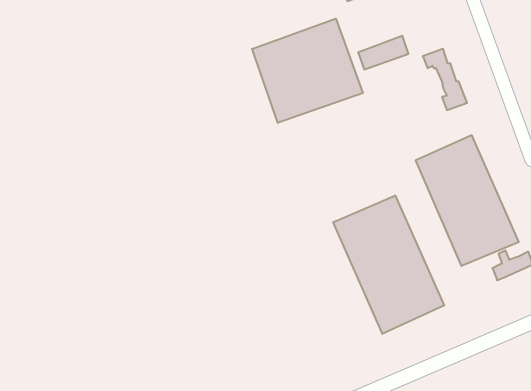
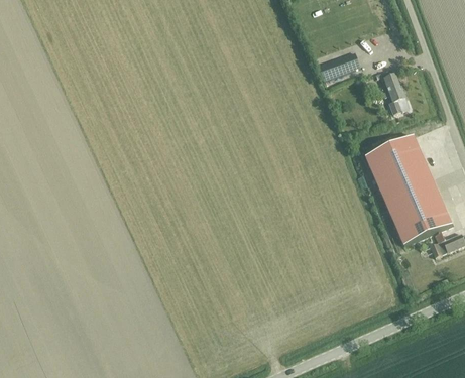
building: [252,19,363,123] -> none
building: [333,195,444,334] -> none

